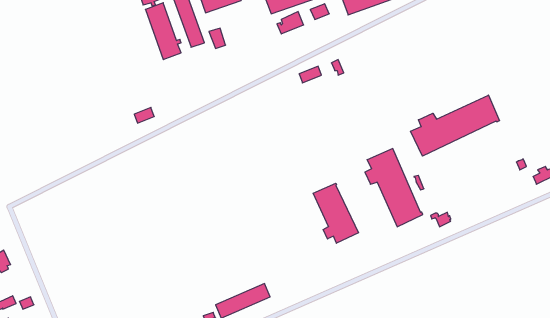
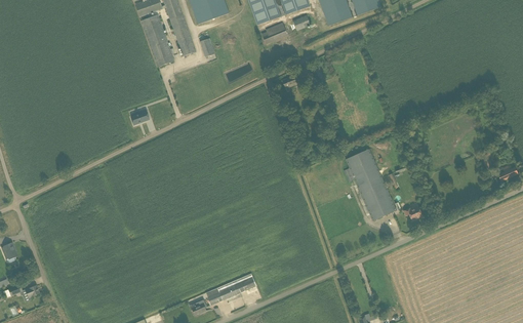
building: [411,95,500,156] -> none
building: [313,183,358,243] -> none

